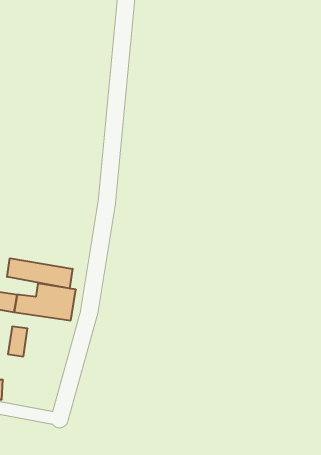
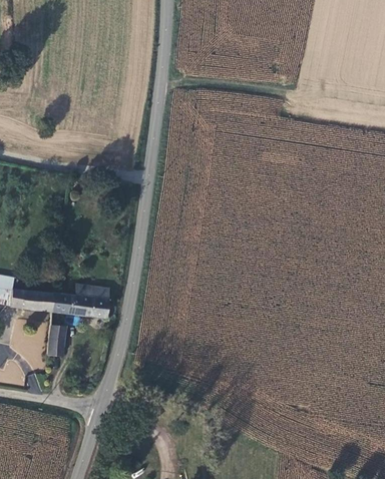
building: [7,258,73,289] -> none

